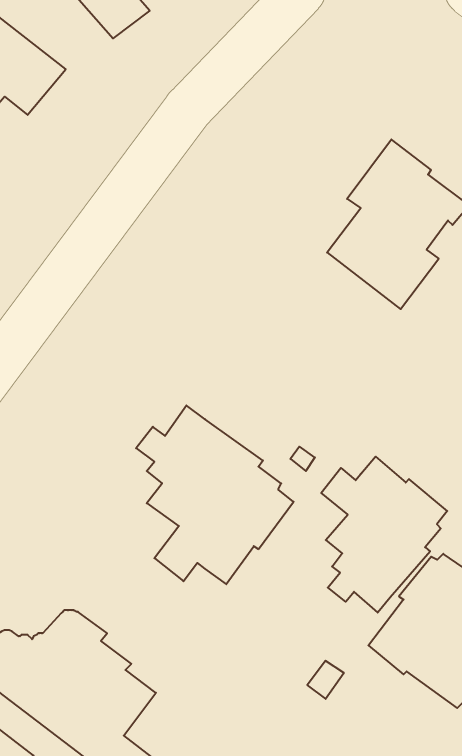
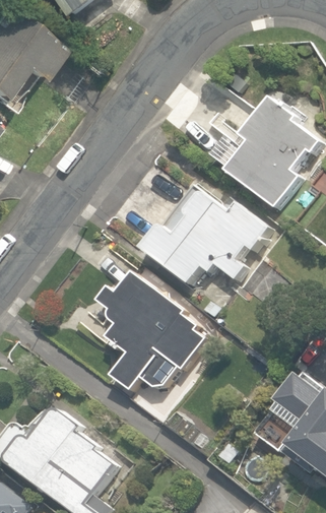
building: none -> [138,189,268,282]
building: [321,457,447,613] -> none

